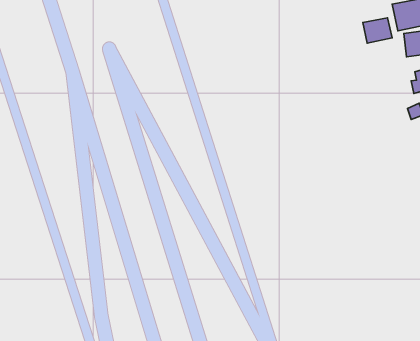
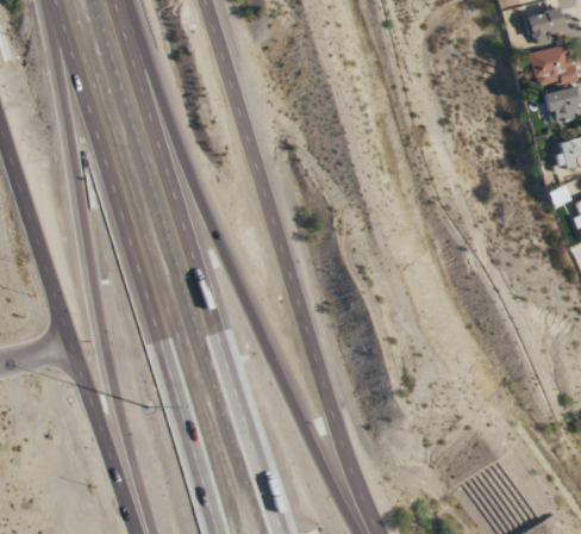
building: [363,18,392,43] -> none

